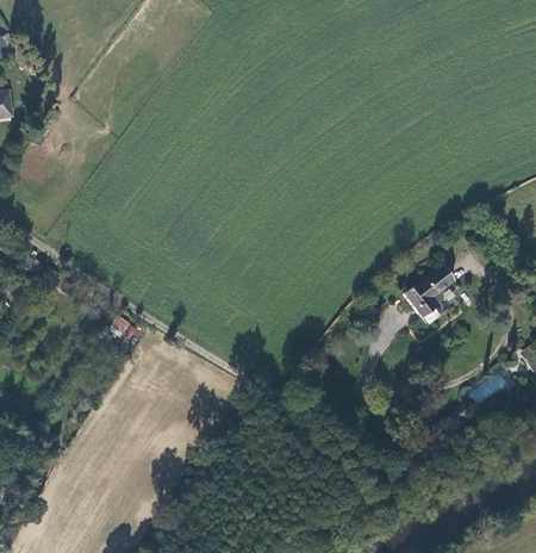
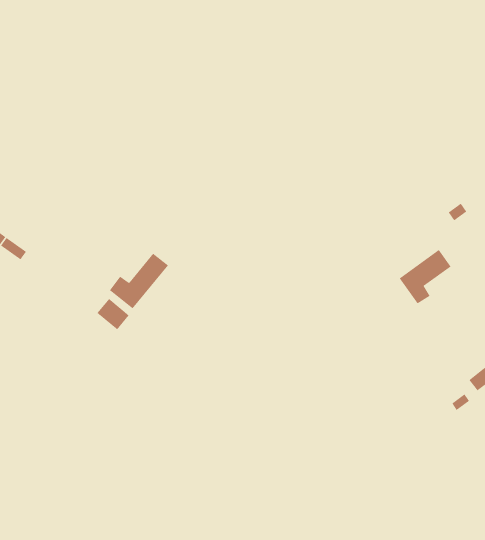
building: none -> [109,253,169,309]

